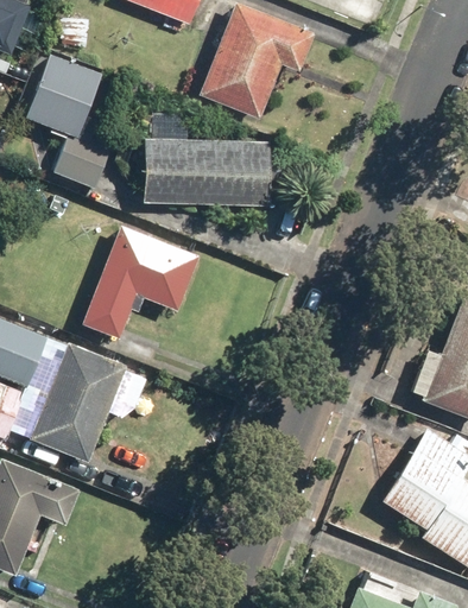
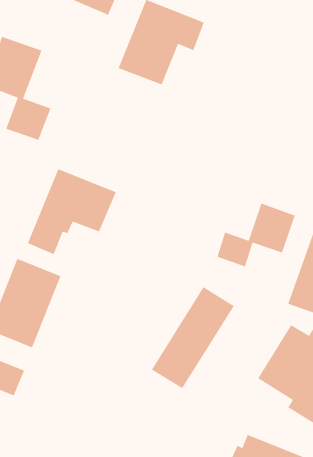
building: [143,109,267,207] -> none
building: none -> [216,202,296,268]
building: none -> [151,286,235,389]

